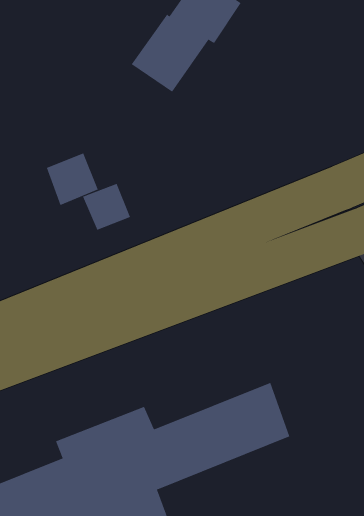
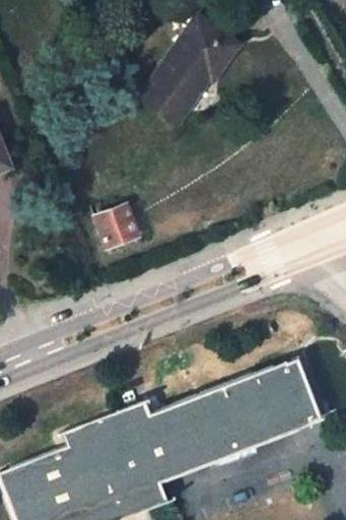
building: [46,152,99,206] -> none
building: none -> [262,365,321,431]

